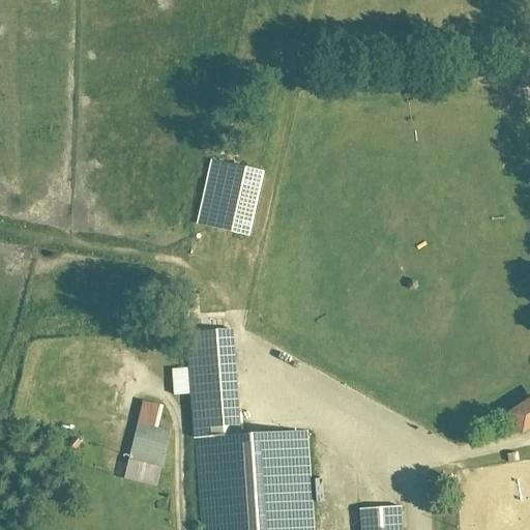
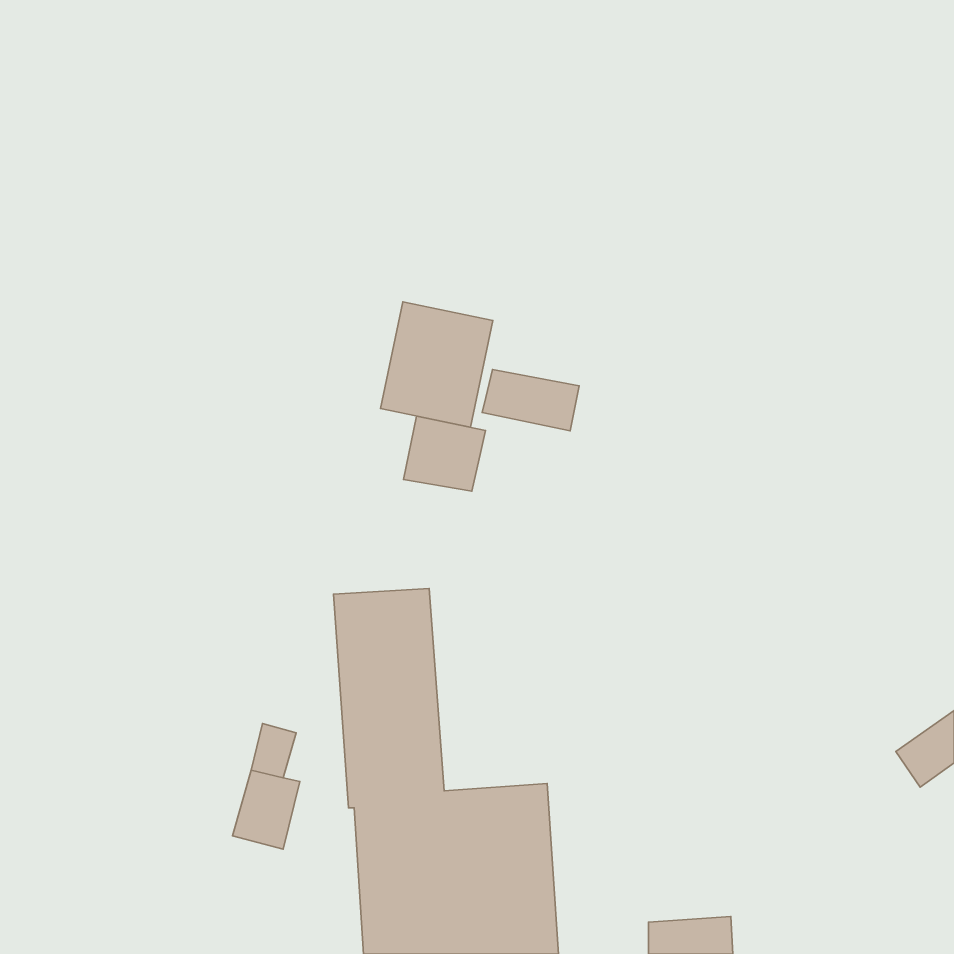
building: none -> [482,370,579,431]
building: none -> [403,416,486,491]

